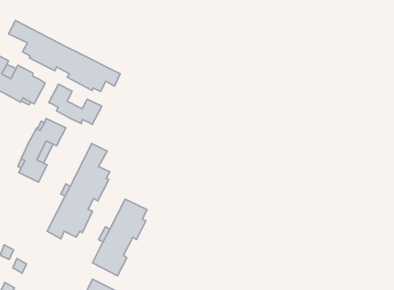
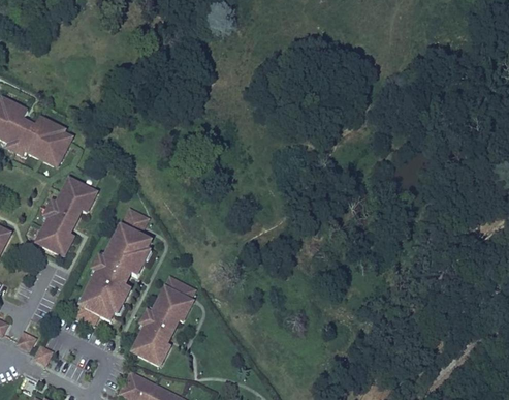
building: [9,21,120,91] -> none
building: [49,84,102,125] -> none

